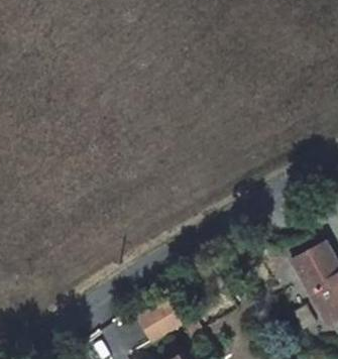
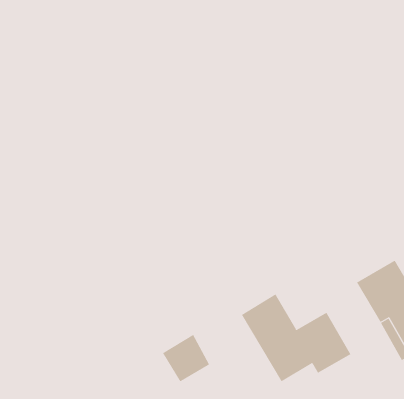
building: none -> [241,293,351,382]

